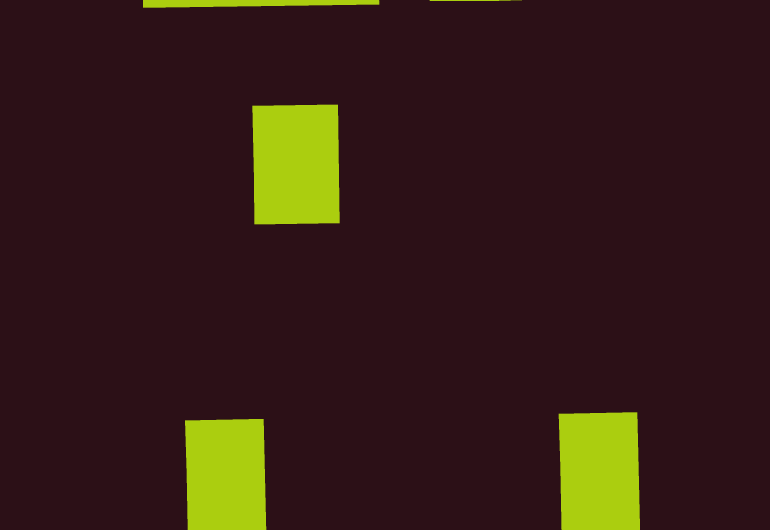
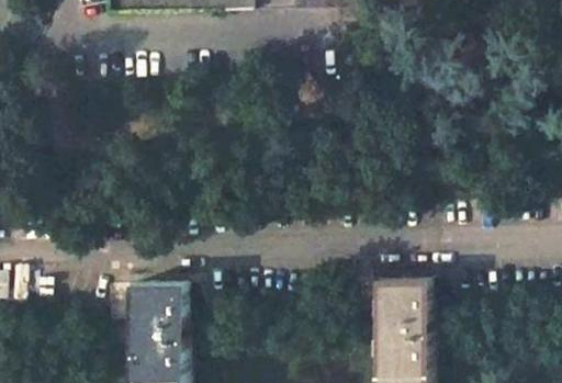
building: [252,104,340,225] -> none

